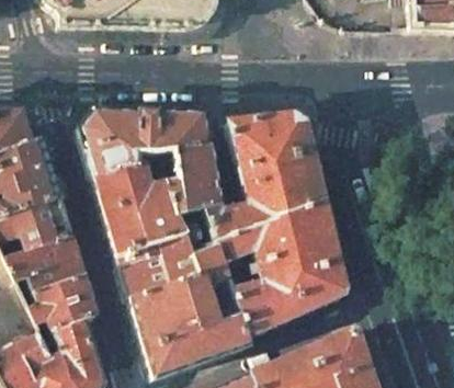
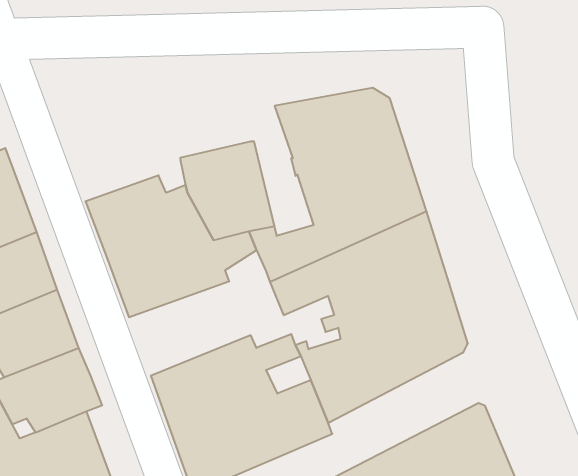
building: [81,109,209,175] -> none
building: [120,216,228,296] -> none

